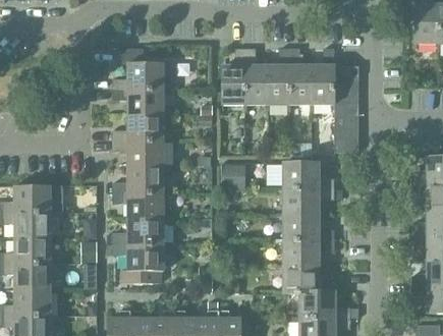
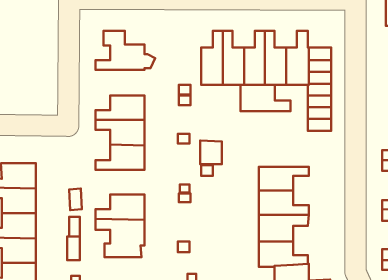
building: [113,90,164,116] -> none
building: [283,163,335,190] -> [241,85,290,111]
building: [113,193,164,219] -> none

